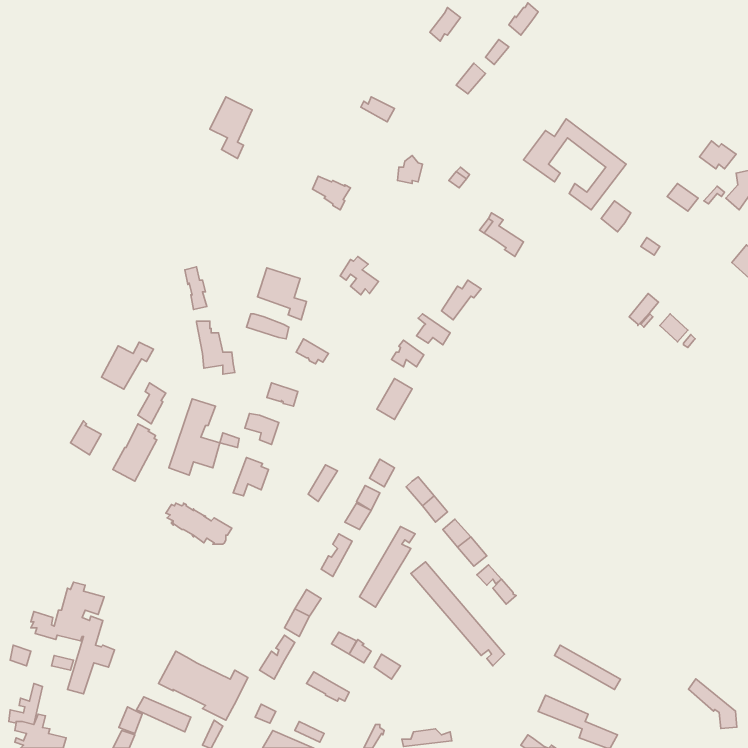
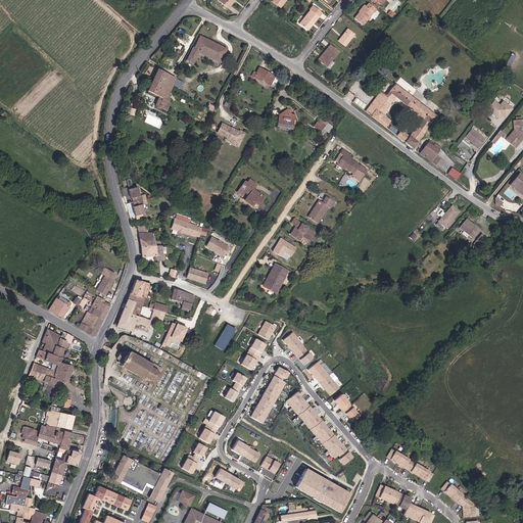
building: none -> [187,35,228,62]
building: [258,268,306,320] -> none
building: [101,342,154,389] -> none
building: none -> [29,329,73,385]
building: none -> [295,468,350,511]
building: [689,679,737,729] -> [442,481,476,516]

